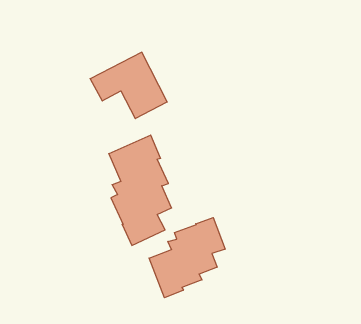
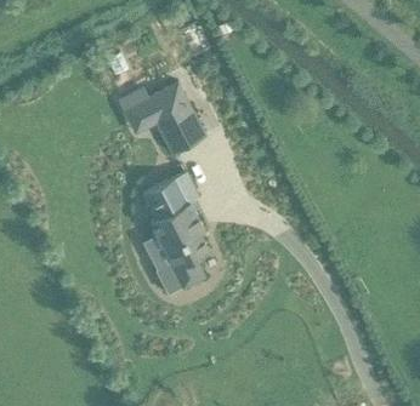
building: [149,218,225,298] -> none

